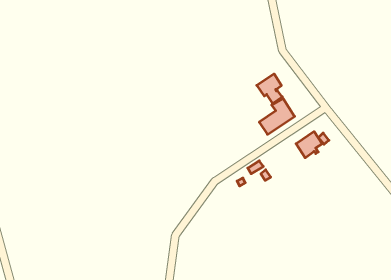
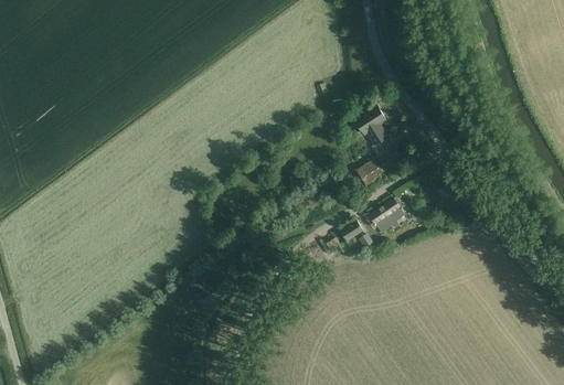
building: [296,132,322,158] -> [368,197,403,233]

